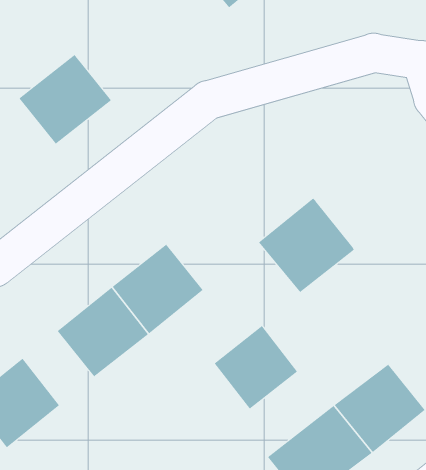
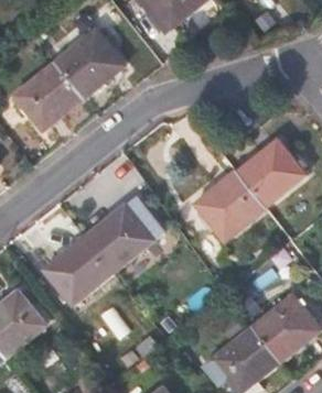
building: none -> [58,31,127,98]
building: none -> [238,142,307,207]
building: [214,325,298,409] -> none

